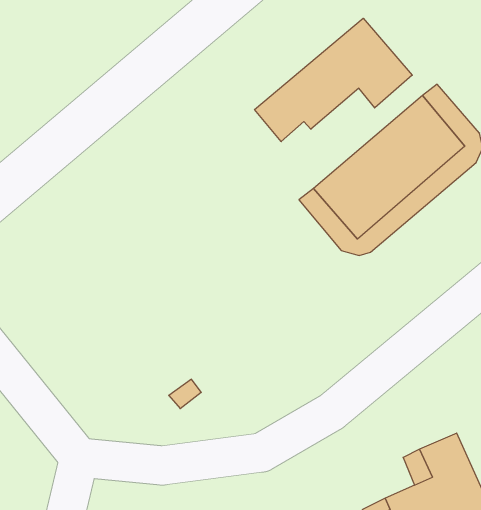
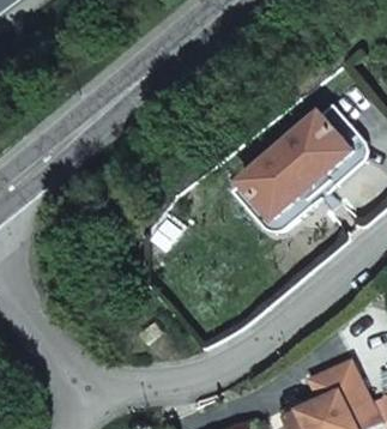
building: [255,18,412,142] -> none

